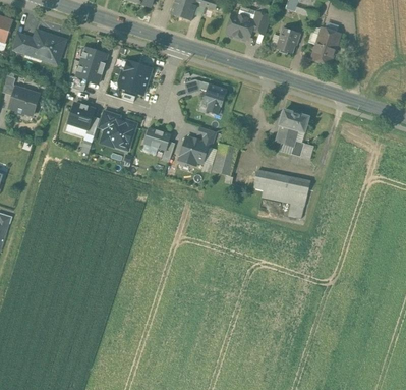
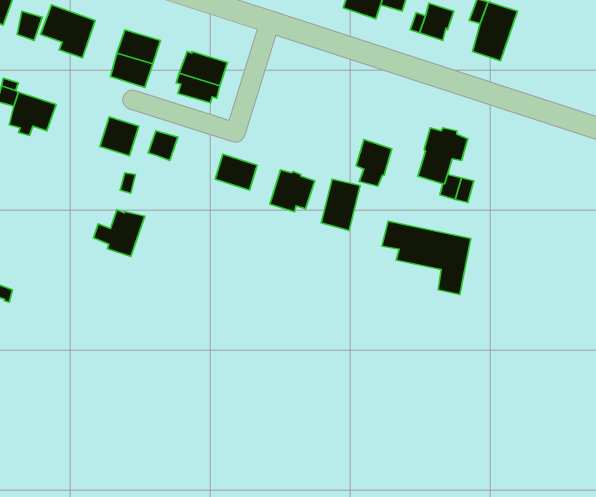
building: [202,83,226,114] -> [356,139,392,186]
building: [102,119,135,150] -> [93,210,145,257]

